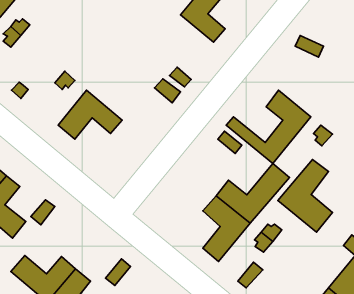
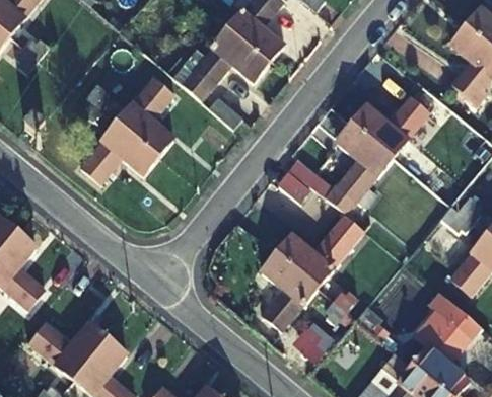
building: none -> [187,31,272,100]
building: none -> [117,66,184,160]
building: none -> [351,97,427,156]
building: [278,159,333,232] -> none

